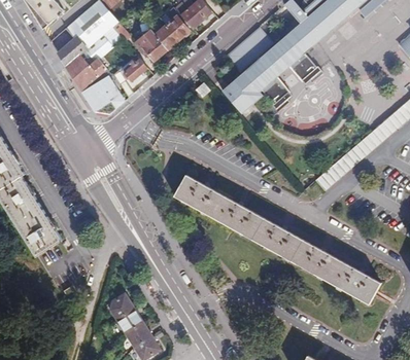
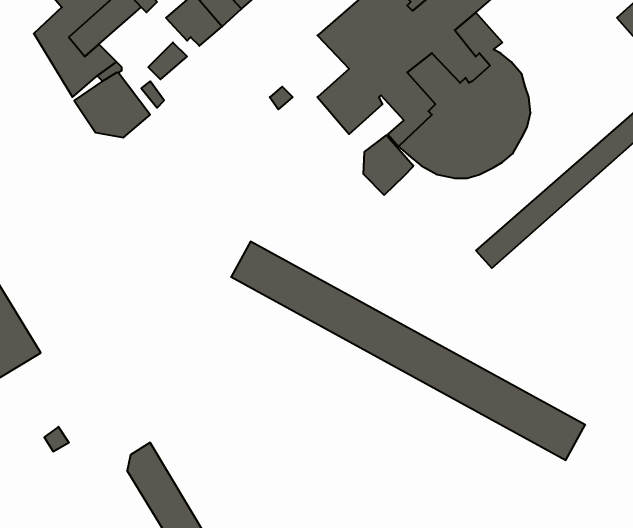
building: none -> [364,135,413,195]

